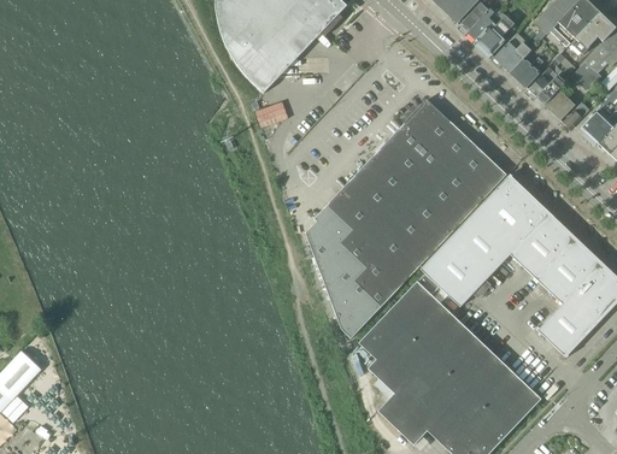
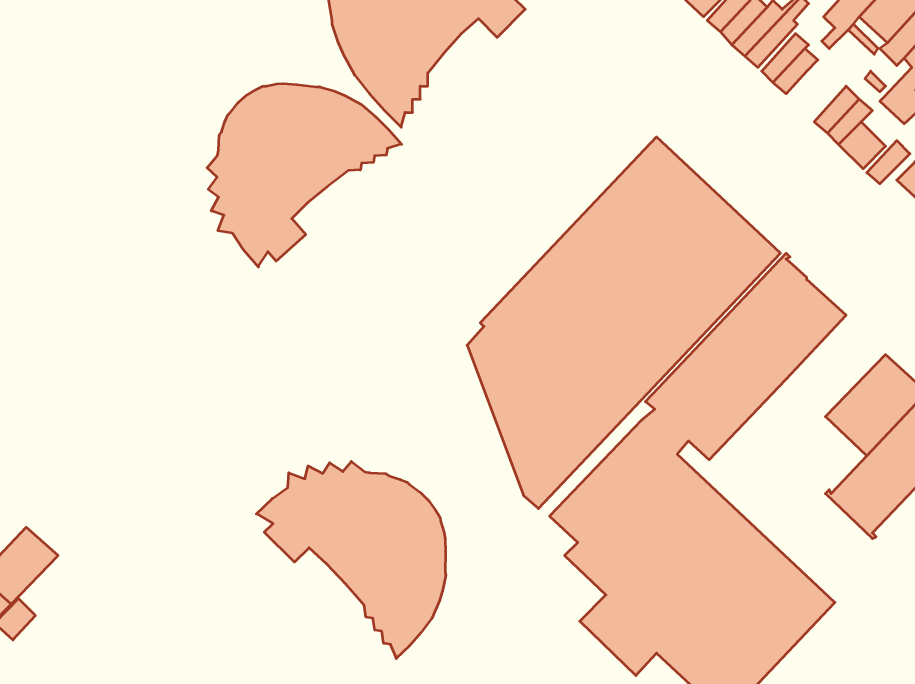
building: [511,57,543,87] -> none
building: none -> [207,84,402,267]
building: [511,213,575,278] -> none
building: none -> [256,461,446,659]

